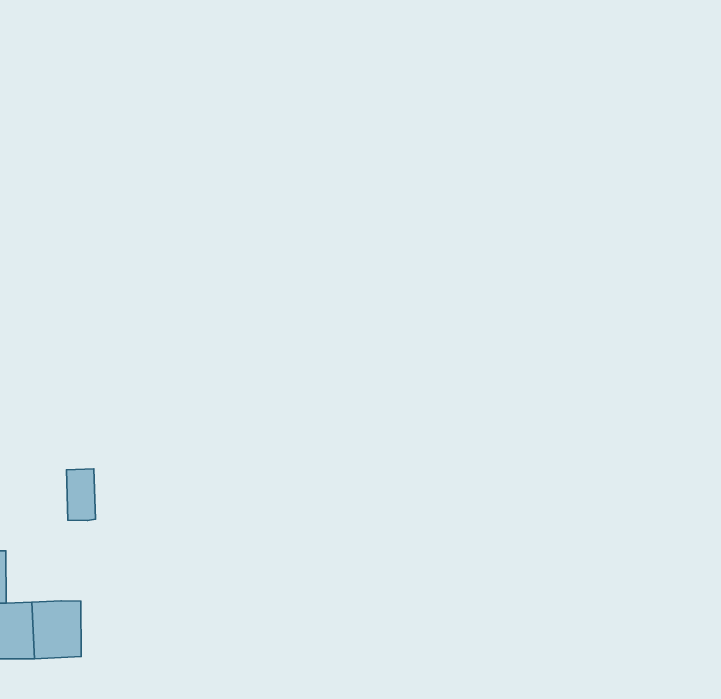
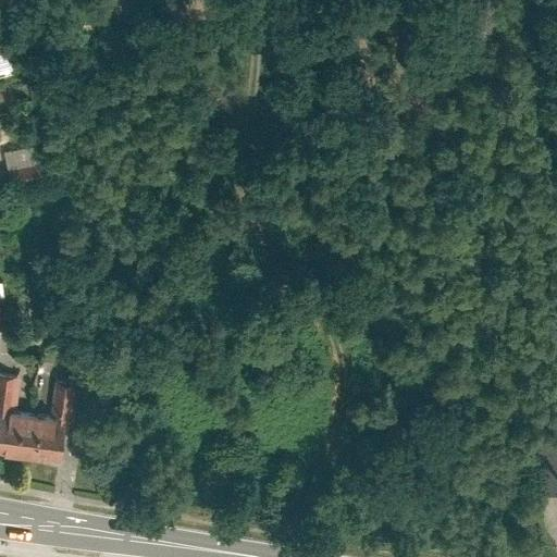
building: [66,469,95,520] -> [52,384,75,420]

